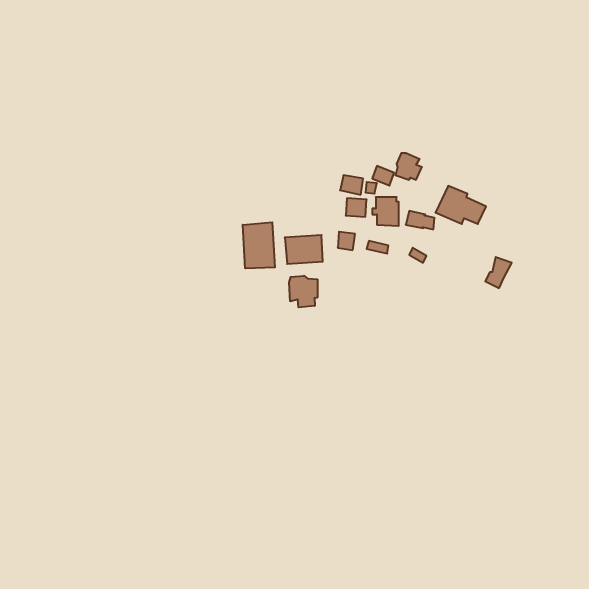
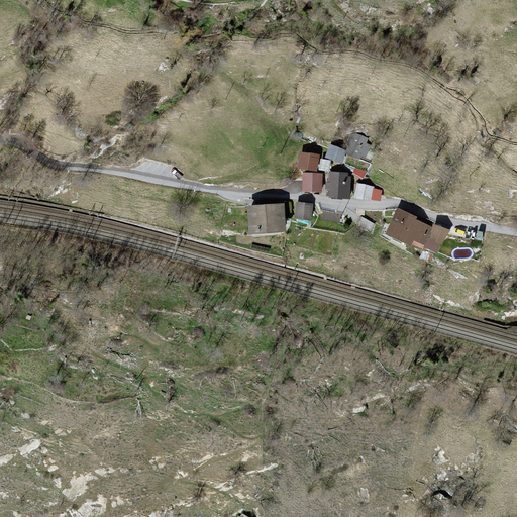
building: [435,186,486,224] -> [387,210,431,243]
building: [243,222,275,268] -> none
building: [289,276,317,307] -> none

